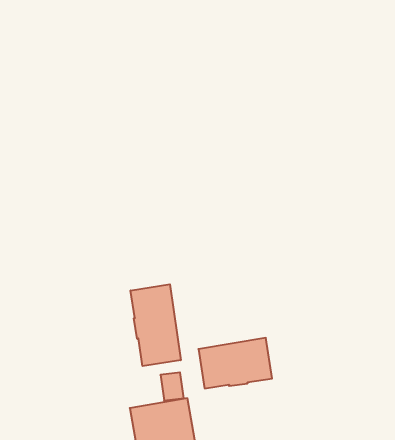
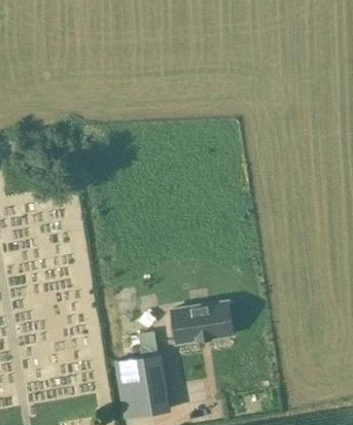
building: [131,284,181,366] -> none

